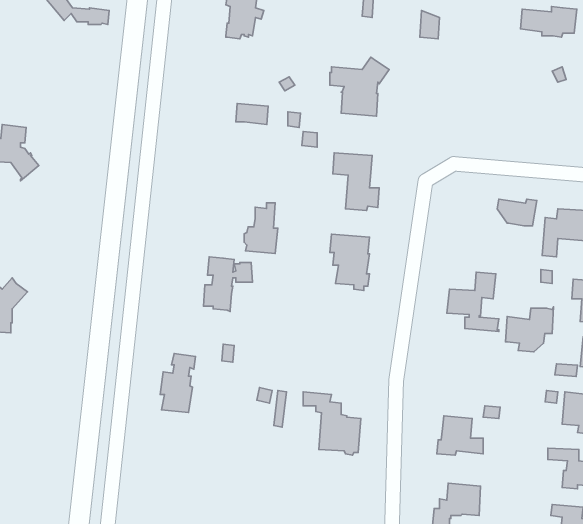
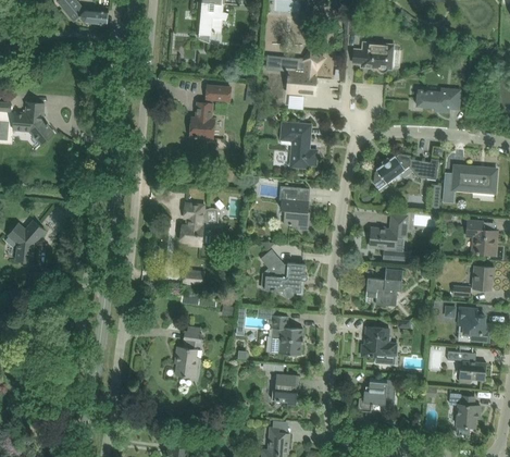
building: [521,6,577,37] -> [416,88,460,112]
building: none -> [352,42,393,73]
building: none -> [373,155,410,188]
building: [244,203,278,254] -> [188,99,214,138]
building: [506,307,553,352] -> [365,270,402,305]
building: none -> [260,249,308,297]
building: [160,354,195,413] -> [174,332,201,378]
building: none -> [271,374,298,405]

